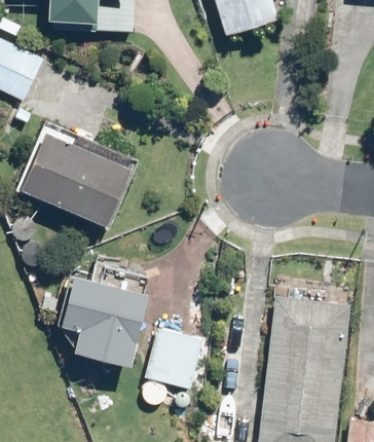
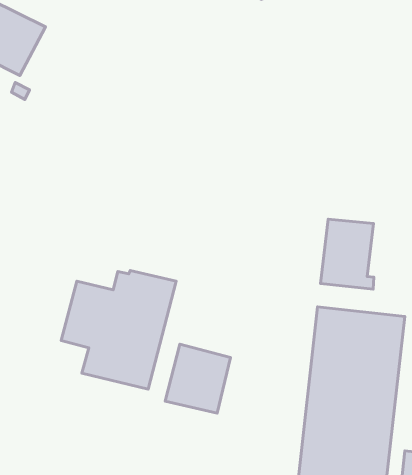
building: [22,133,132,226] -> none
building: none -> [320,219,374,289]

